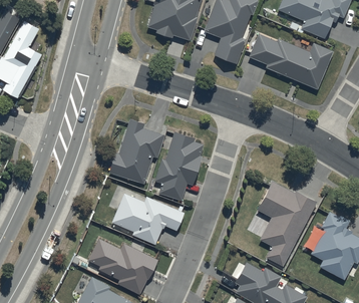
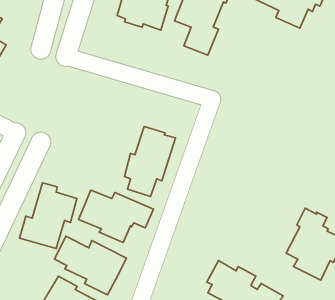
building: [249,33,333,89] -> none
building: [108,120,163,184] -> [19,183,77,249]
building: [257,182,316,267] -> none

